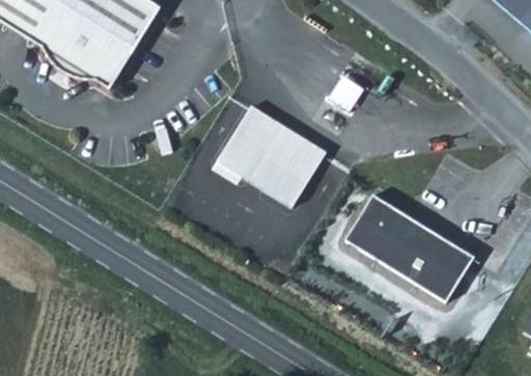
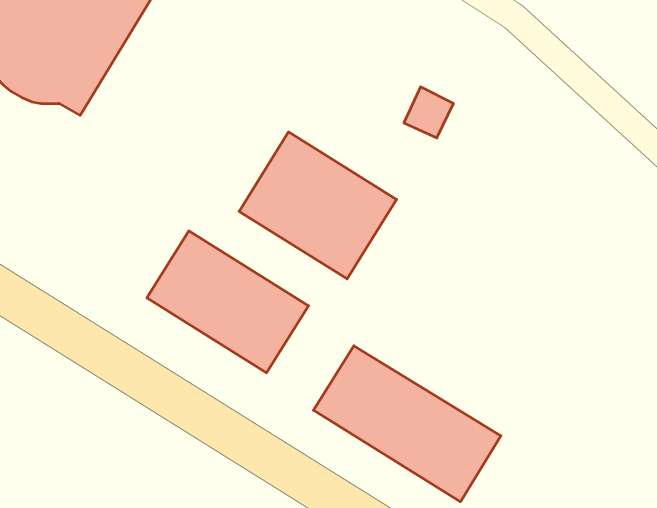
building: none -> [147,231,309,373]
building: [343,195,473,302] -> [313,346,501,502]

